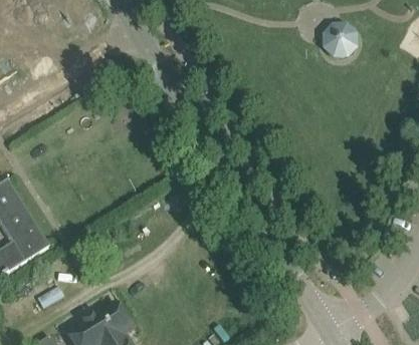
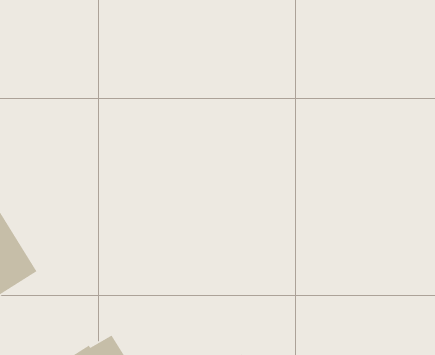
building: [320,17,366,63] -> none

